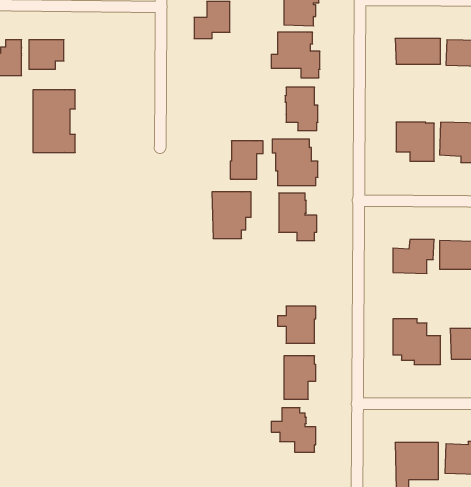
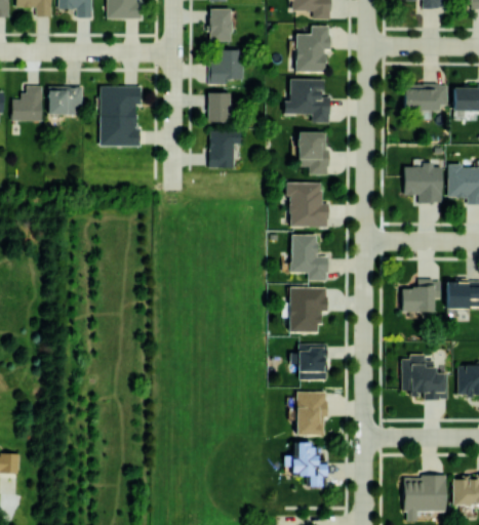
building: none -> [208,93,231,122]
building: [33,90,75,152] -> [101,86,142,147]
building: [230,141,263,179] -> [209,131,241,168]
building: [212,192,251,238] -> [289,287,327,332]

